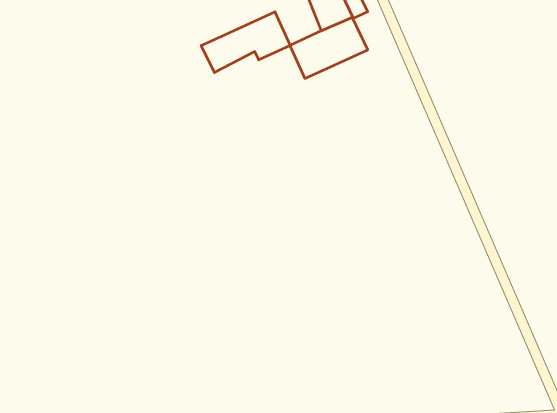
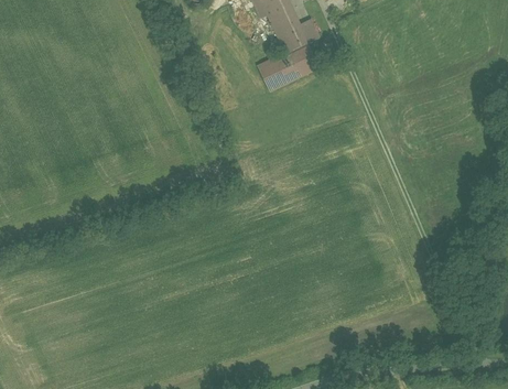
building: [201,12,290,73] -> none

